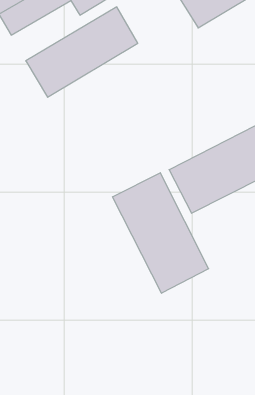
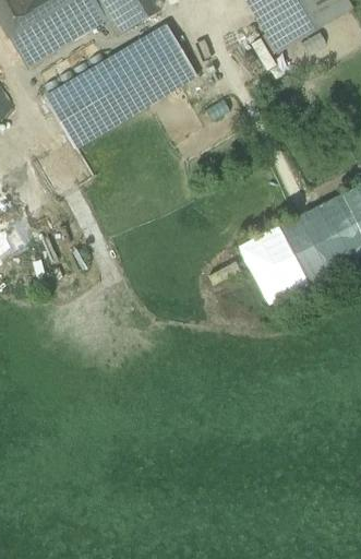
building: [113,173,209,293] -> none

